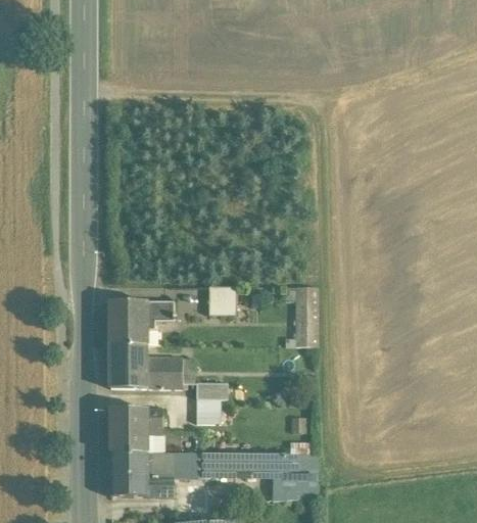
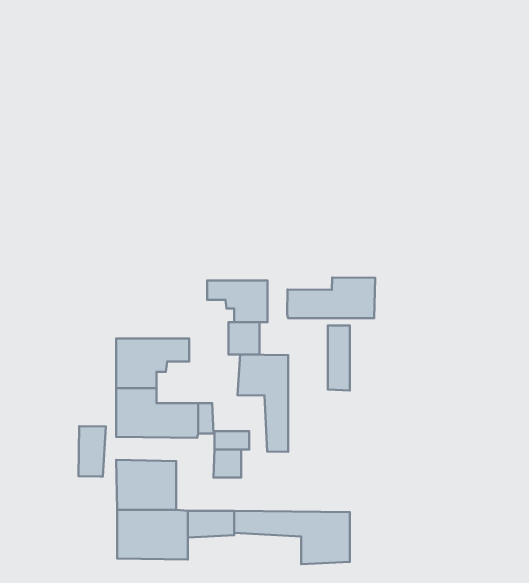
building: none -> [287,277,375,318]
building: none -> [207,280,267,322]
building: none -> [238,355,288,452]
building: none -> [78,426,106,477]

